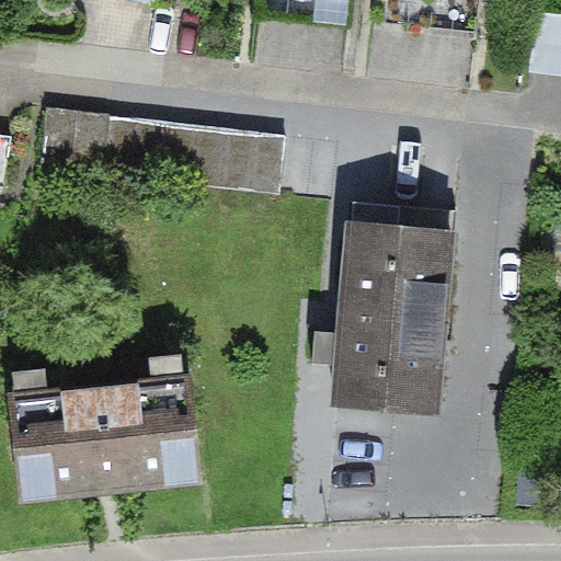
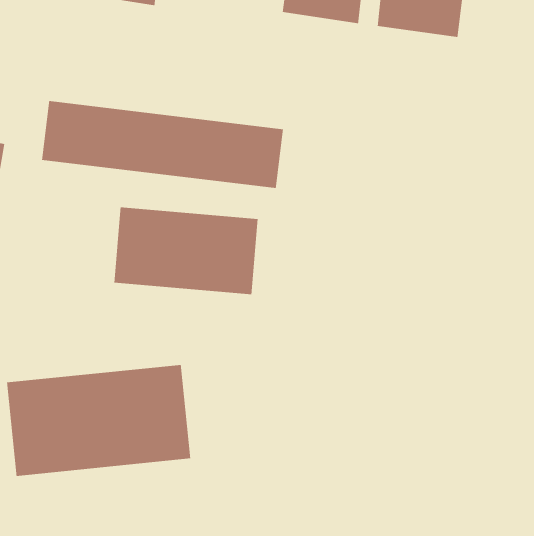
building: [332,202,450,412] -> none
building: none -> [113,206,259,295]

